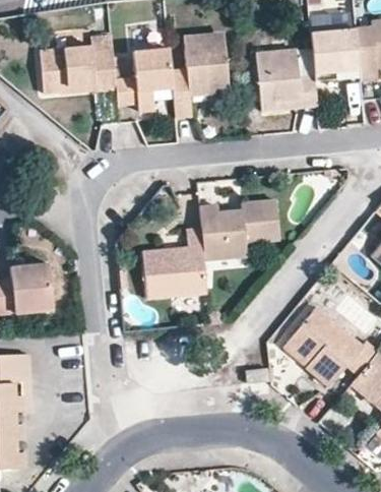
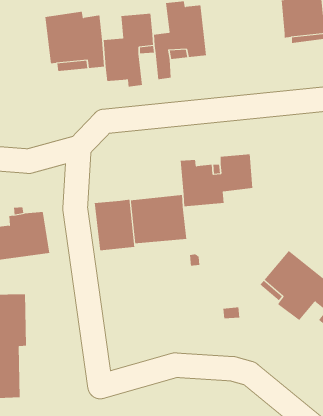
building: [254,41,315,103] -> none
building: none -> [94,199,135,251]

